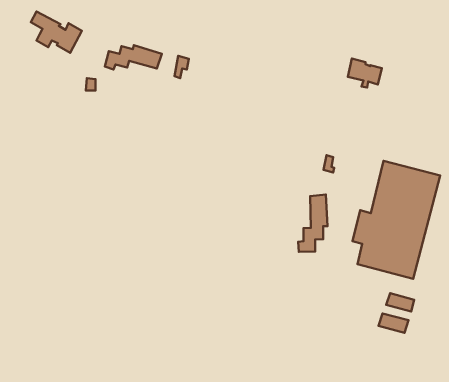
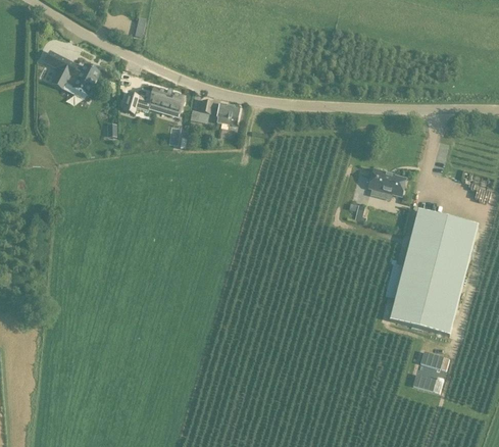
building: [348,58,382,87] -> [369,168,405,199]
building: none -> [215,103,238,127]
building: [298,194,327,252] -> none

